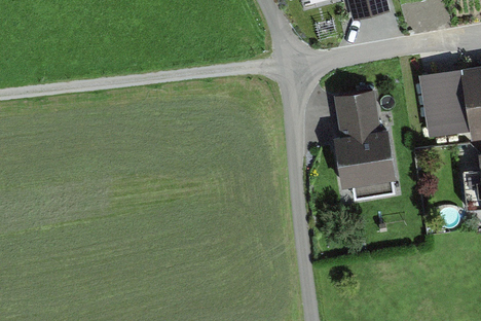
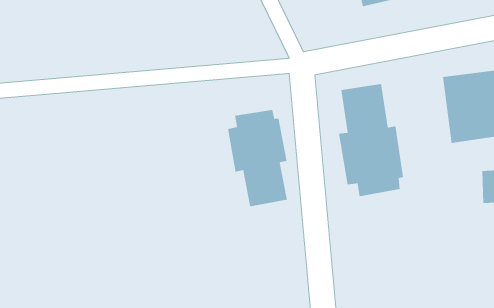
building: none -> [228,109,287,207]

